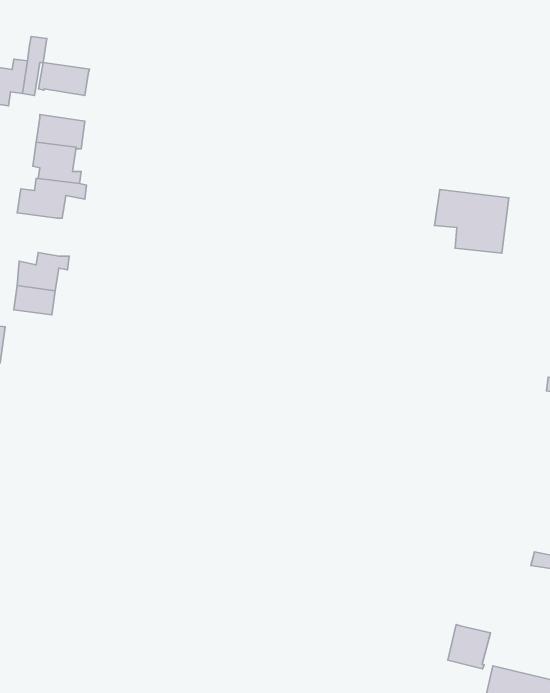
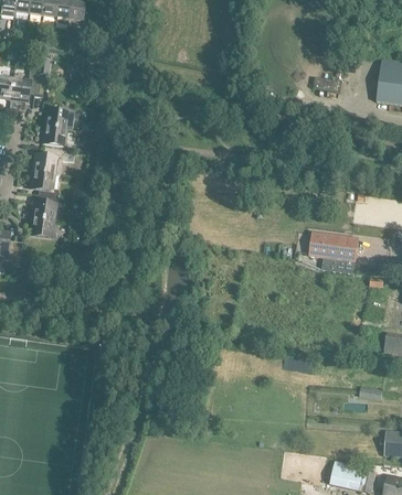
building: [39,63,90,95] -> none
building: [435,189,509,253] -> [308,232,356,272]
building: none -> [28,170,57,197]
building: [448,624,491,669] -> none

